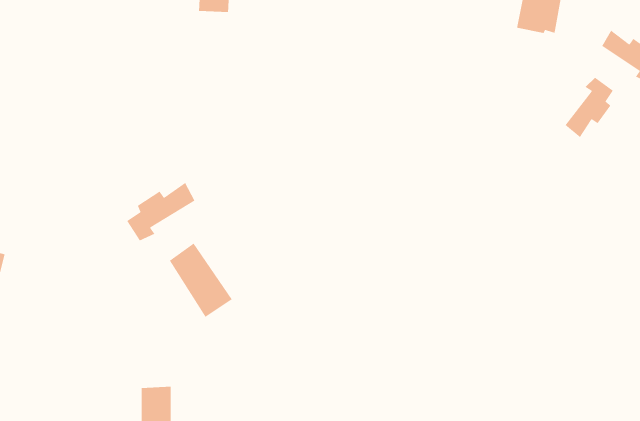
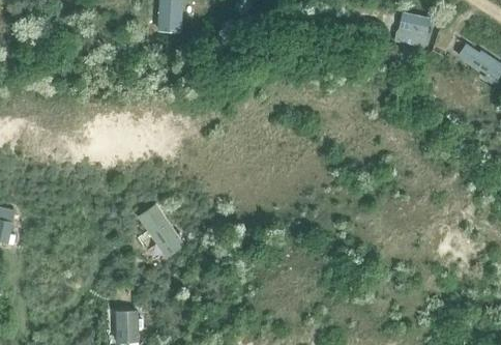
building: [565,77,614,138] -> none
building: [126,182,195,241] -> none

